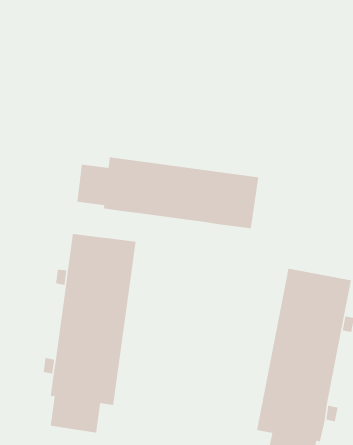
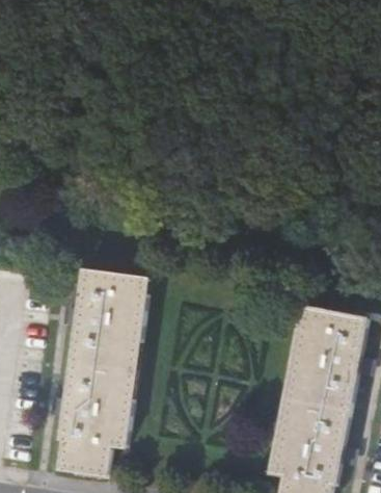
building: [77,156,259,229] -> none

